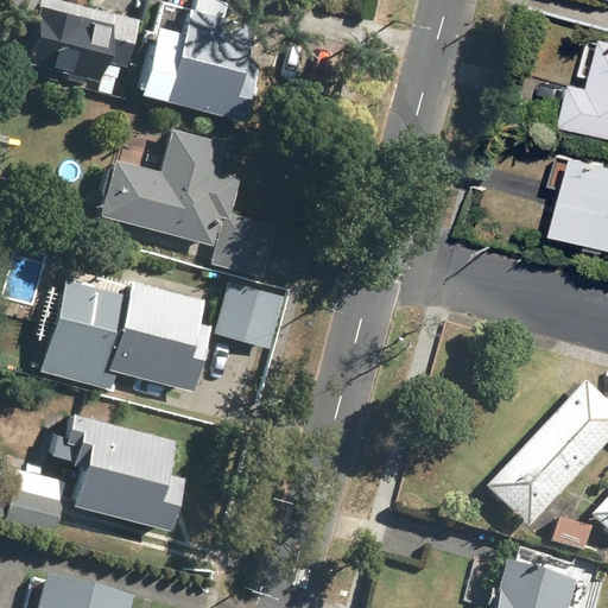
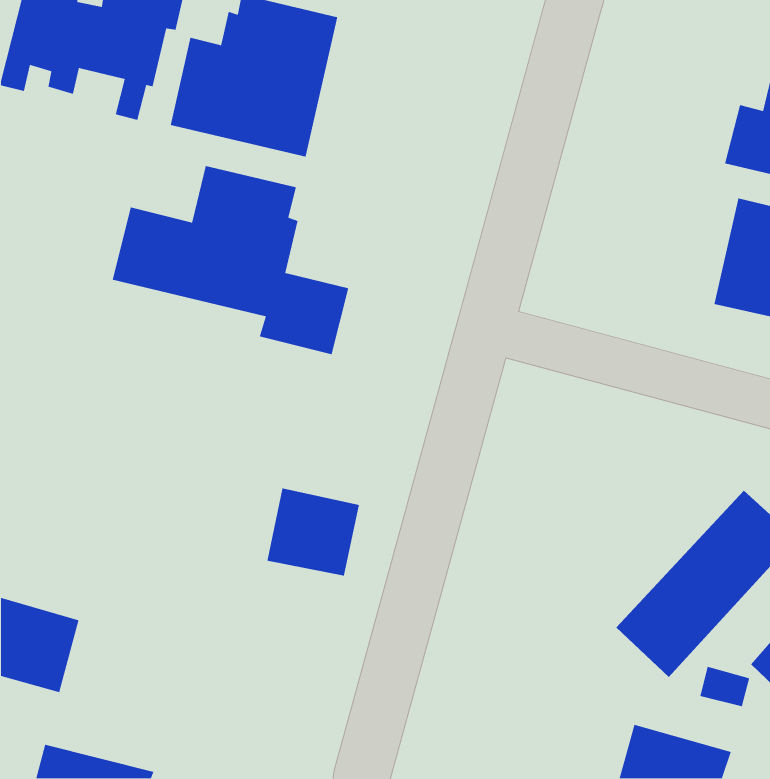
building: [33,261,217,394] -> none
building: [215,281,287,350] -> [266,488,360,576]
building: [55,413,183,549] -> none

